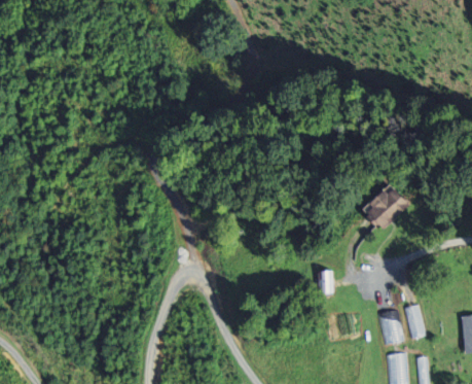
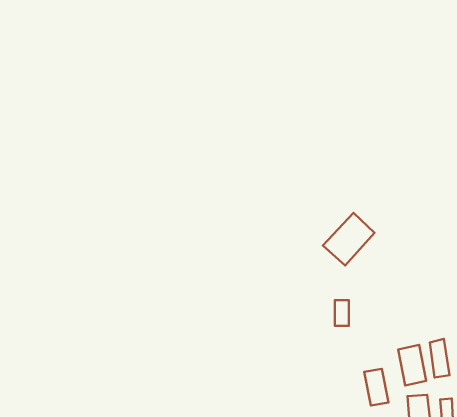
building: [368,184,413,231] -> [323,213,374,266]
building: none -> [364,369,388,405]

